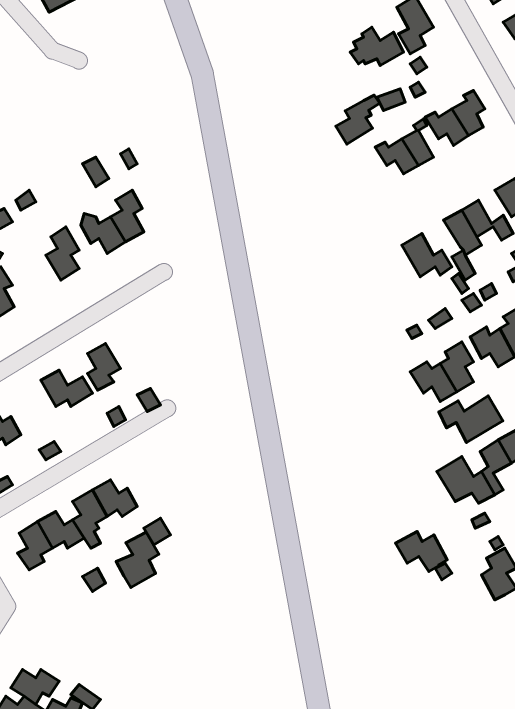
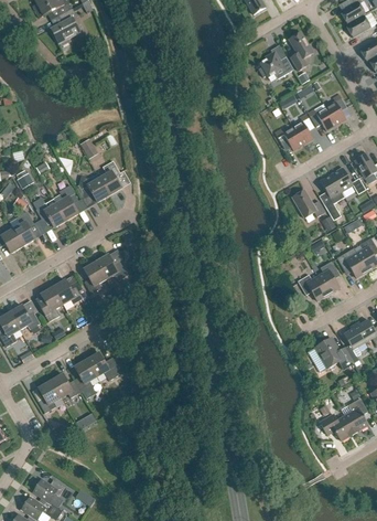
building: [336,95,380,144] -> none
building: none -> [36,199,66,227]
building: none -> [96,254,128,280]
building: none -> [36,286,63,320]
building: [439,396,503,442] -> none
building: [396,532,447,572] -> [320,413,354,439]
building: [116,532,159,588] -> none

